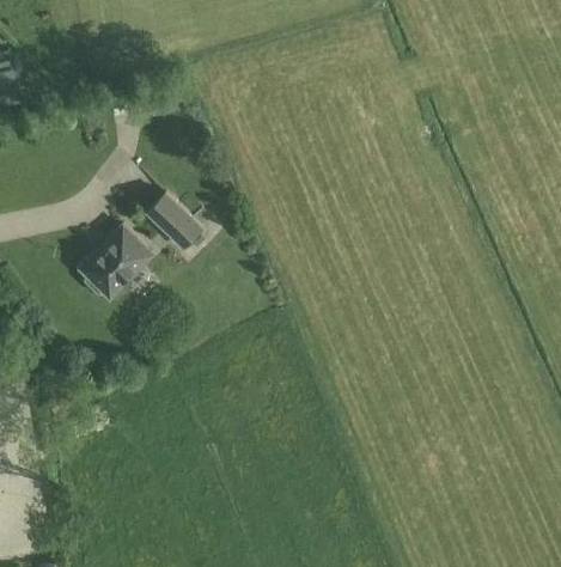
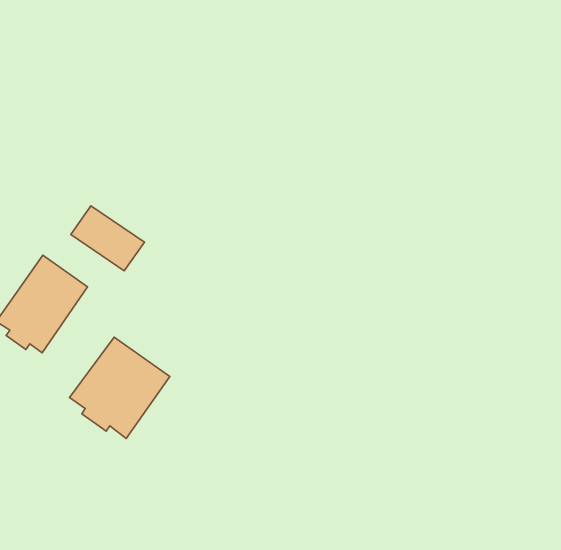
building: none -> [70,337,170,439]

